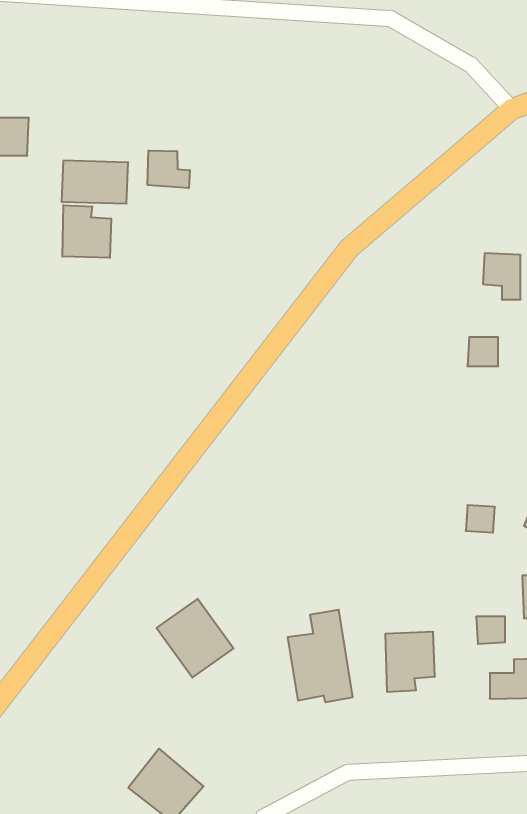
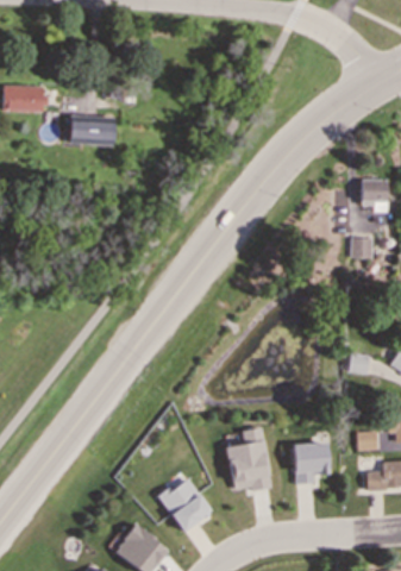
building: [148,150,190,188] -> none
building: [62,205,111,258] -> none
building: [157,599,234,678] -> [158,477,212,532]

